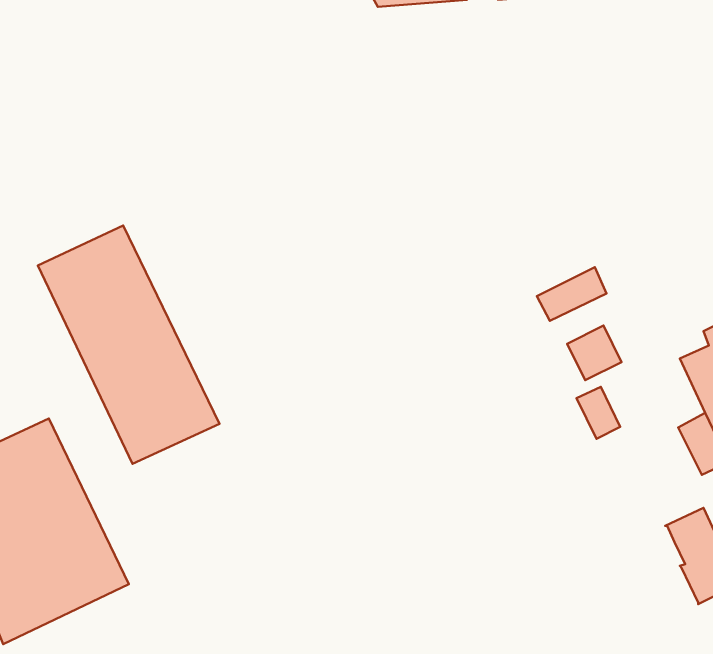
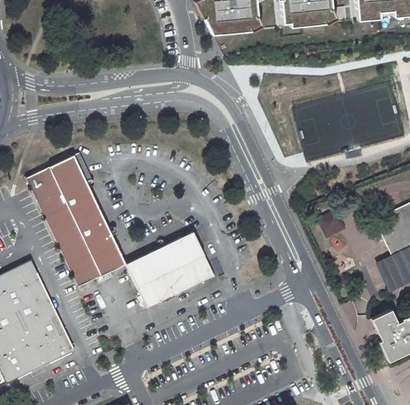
building: [537,267,606,321] -> none
building: none -> [125,229,214,307]
building: [576,387,620,439] -> none

